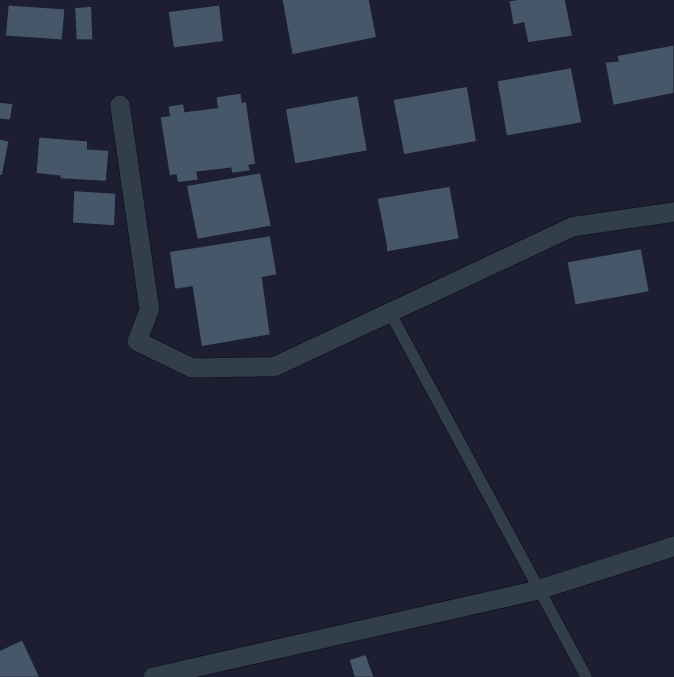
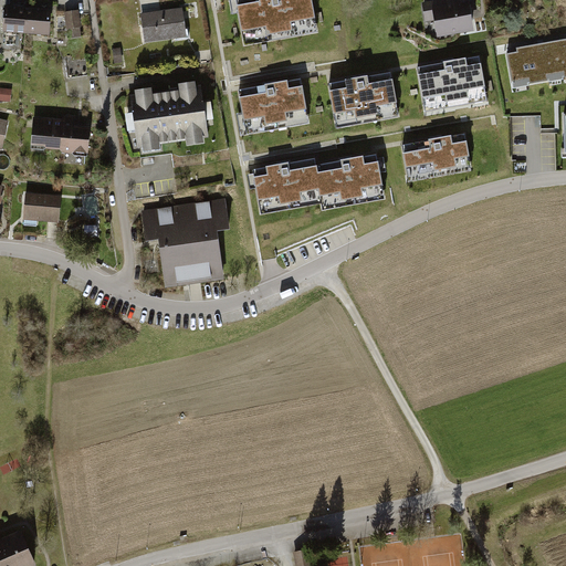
building: [186,173,271,239] -> [250,159,321,214]
building: [72,191,116,226] -> [24,191,61,220]
building: [567,249,649,305] -> [400,134,469,180]

